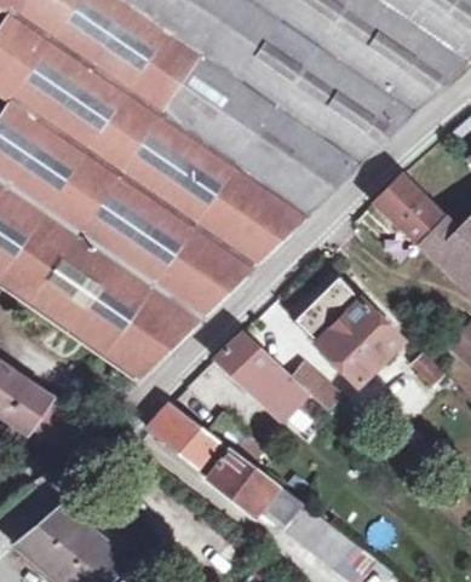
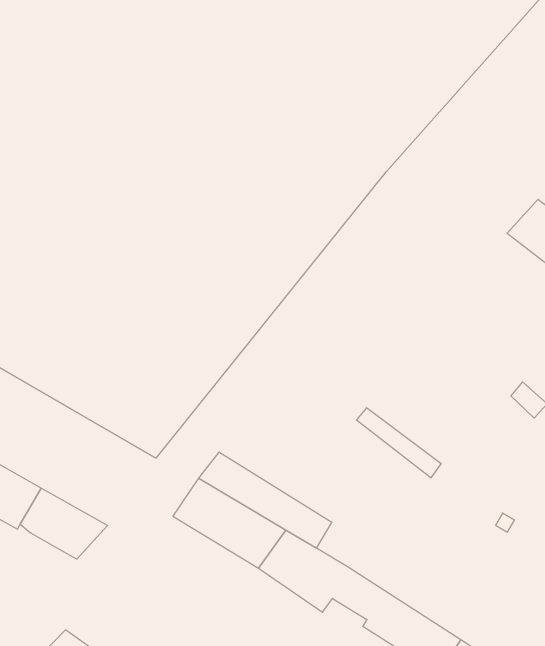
building: [372,174,442,241] -> none
building: [289,275,401,380] -> none
building: [214,332,306,417] -> none

